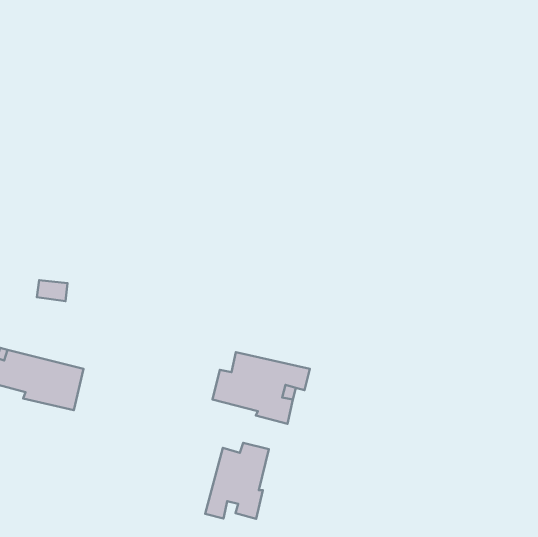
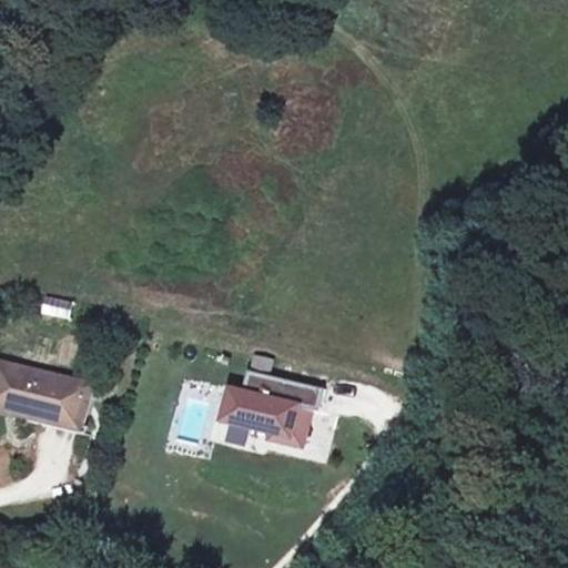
building: [205,443,269,519] -> none

